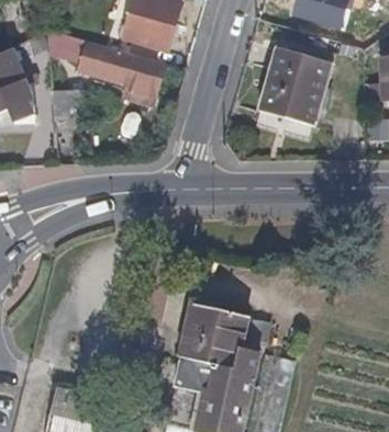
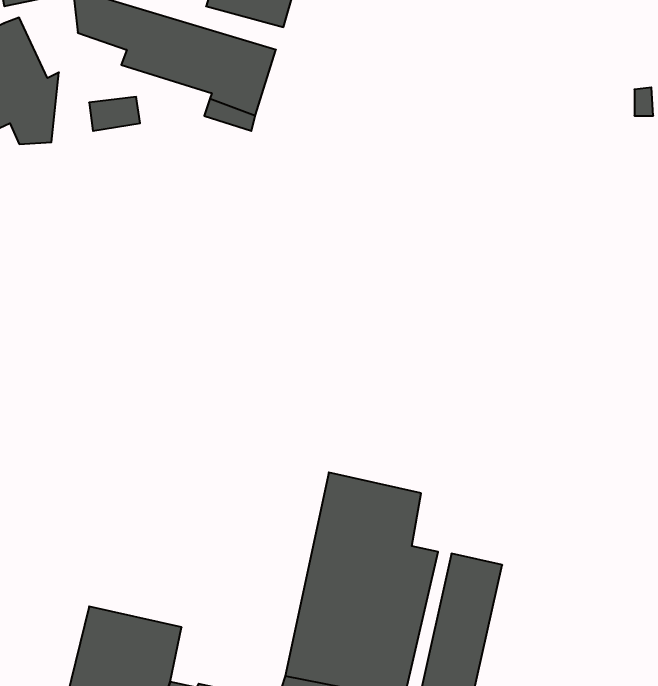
building: [259,46,333,126] -> none

